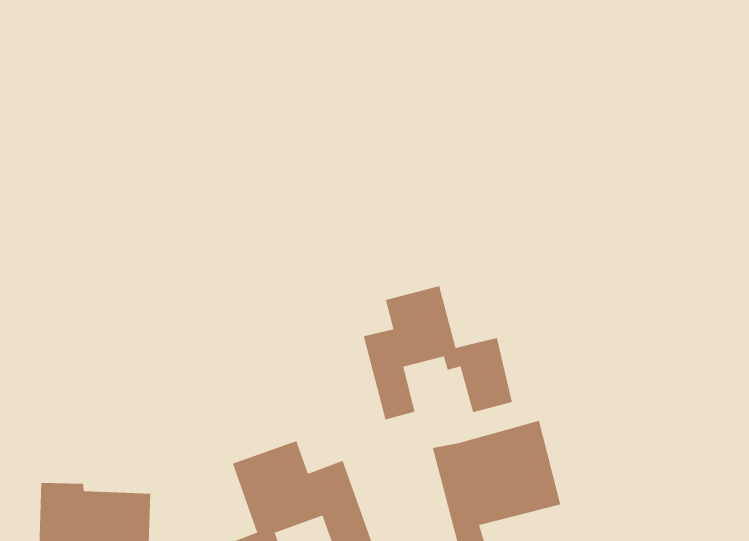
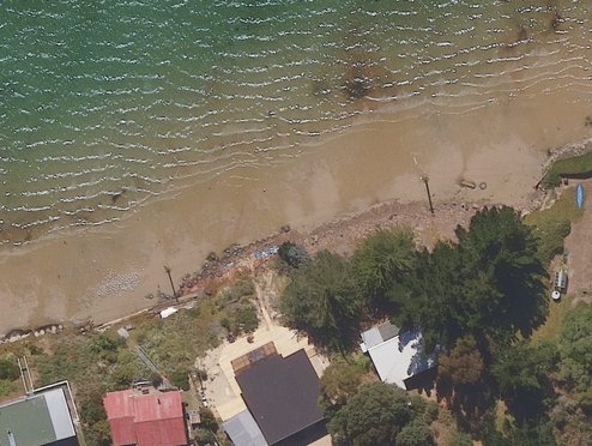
building: [363,285,513,420] -> none

